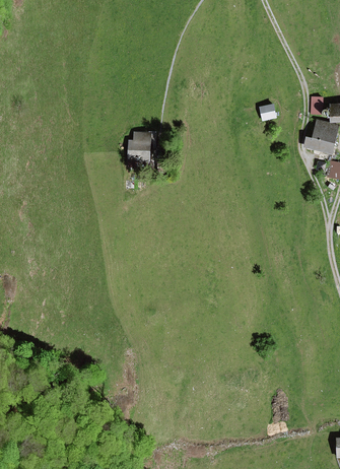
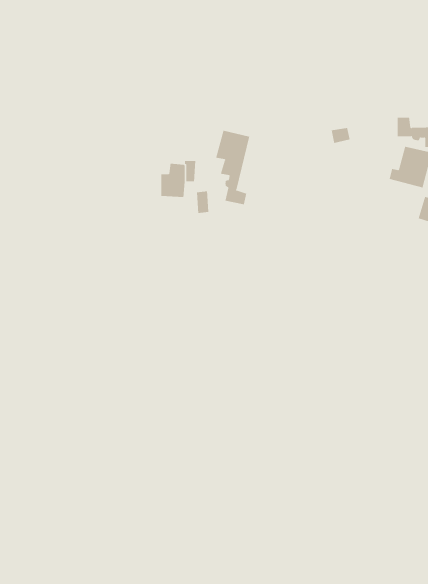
building: none -> [216,130,250,205]

